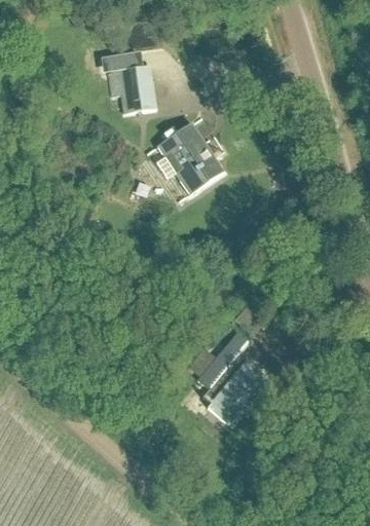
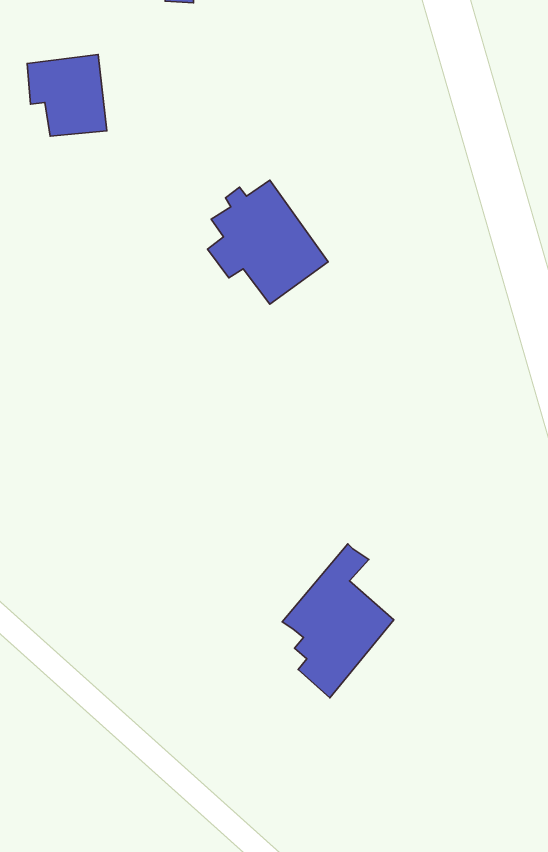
building: [109,64,155,111] -> [27,55,107,136]

